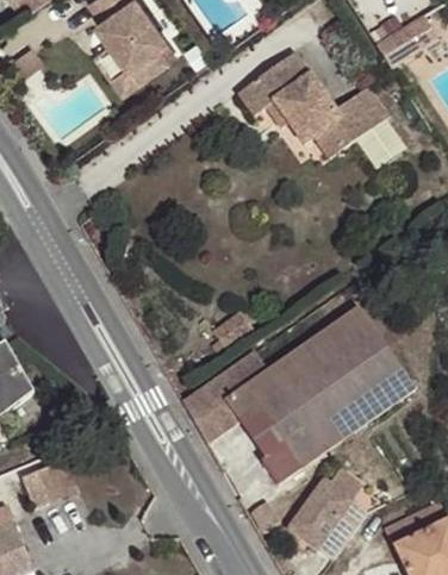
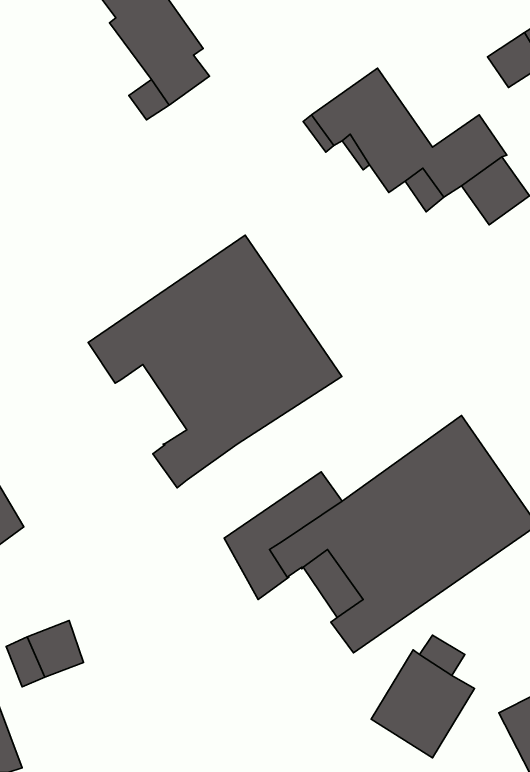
building: none -> [88,235,342,488]

